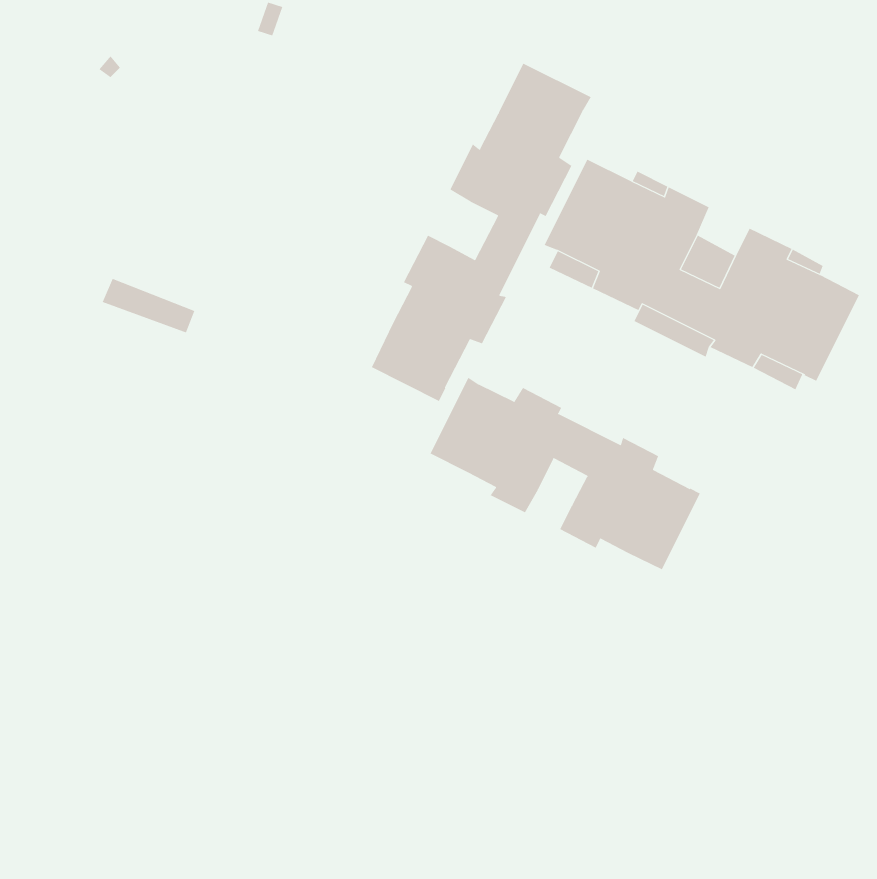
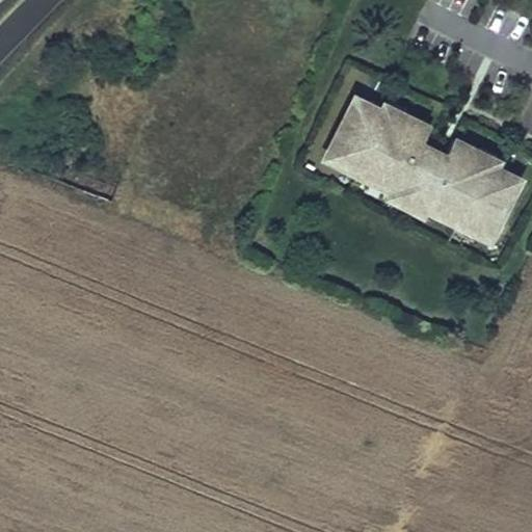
building: [371,63,592,402] -> none
building: [430,377,701,570] -> none

